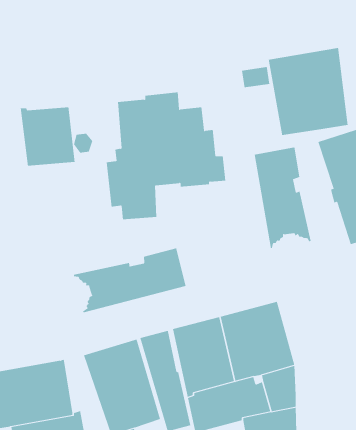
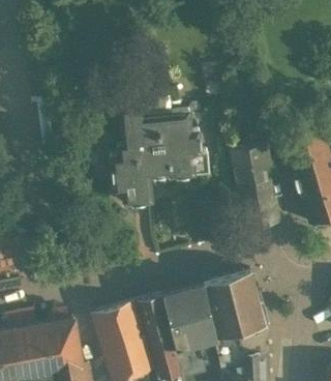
building: [268,47,348,136] -> none
building: [20,107,75,167] -> none
building: [73,247,186,313] -> none

